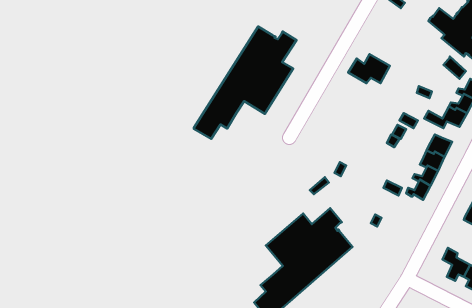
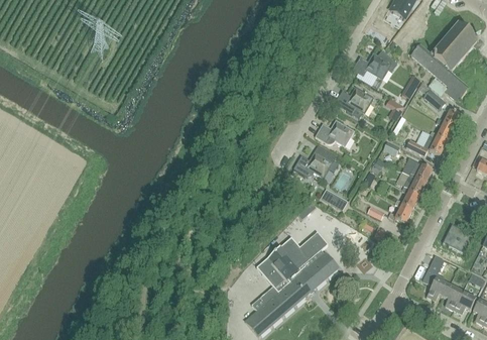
building: none -> [352,50,396,79]
building: [194,27,297,139] -> none
building: none -> [315,119,354,146]
building: none -> [292,151,333,178]

